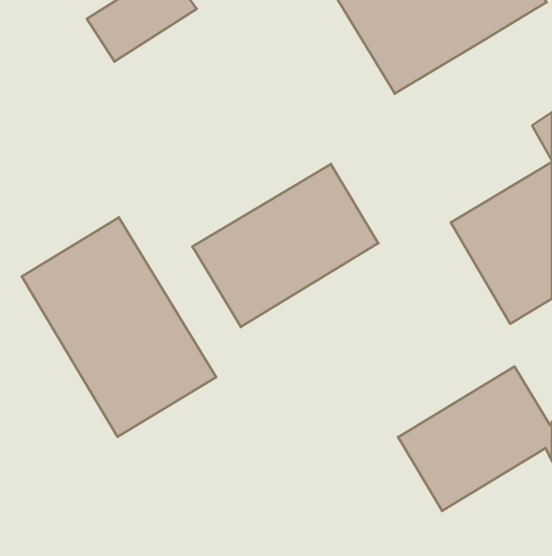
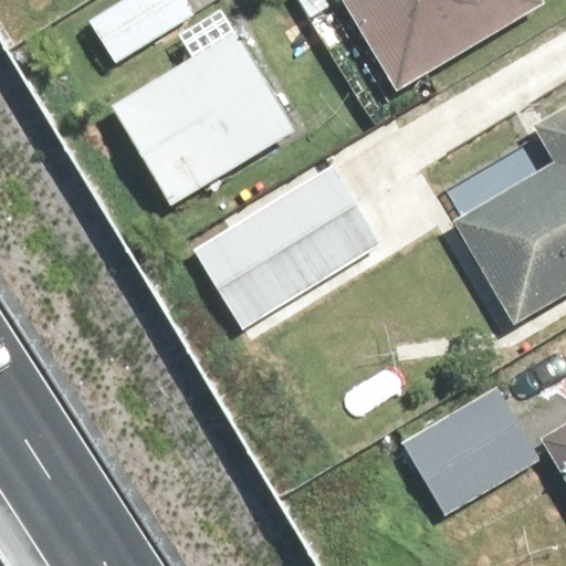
building: none -> [115,31,298,205]
building: [22,217,216,437] -> none

